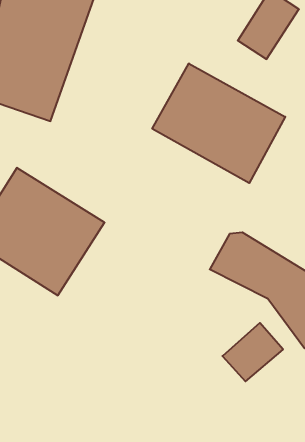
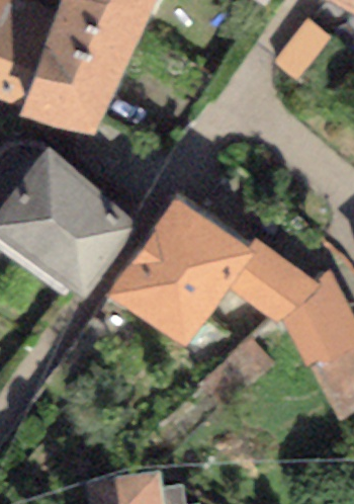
building: [152,63,285,183] -> none
building: none -> [109,199,244,340]

